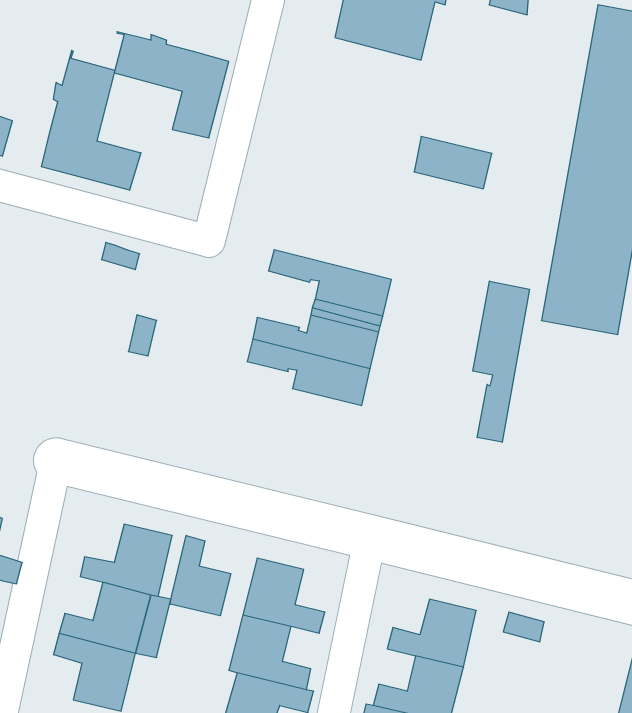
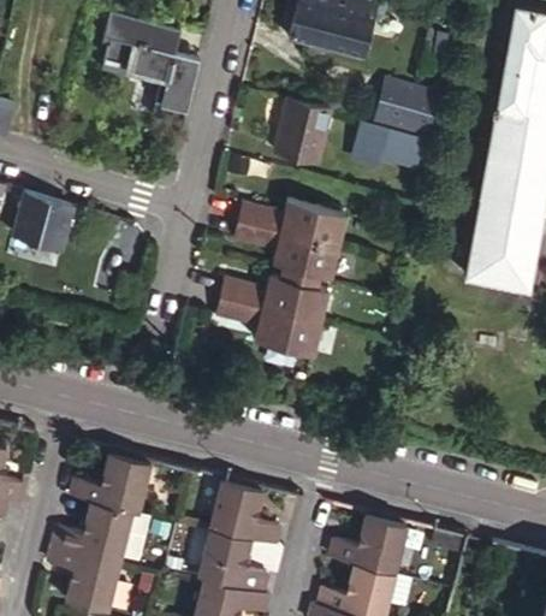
building: [41,50,141,190] -> none
building: none -> [374,79,439,135]
building: none -> [275,100,330,161]
building: none -> [13,194,73,248]
building: none -> [238,199,346,244]
building: [473,281,529,442] -> none
building: [170,535,231,616] -> none

